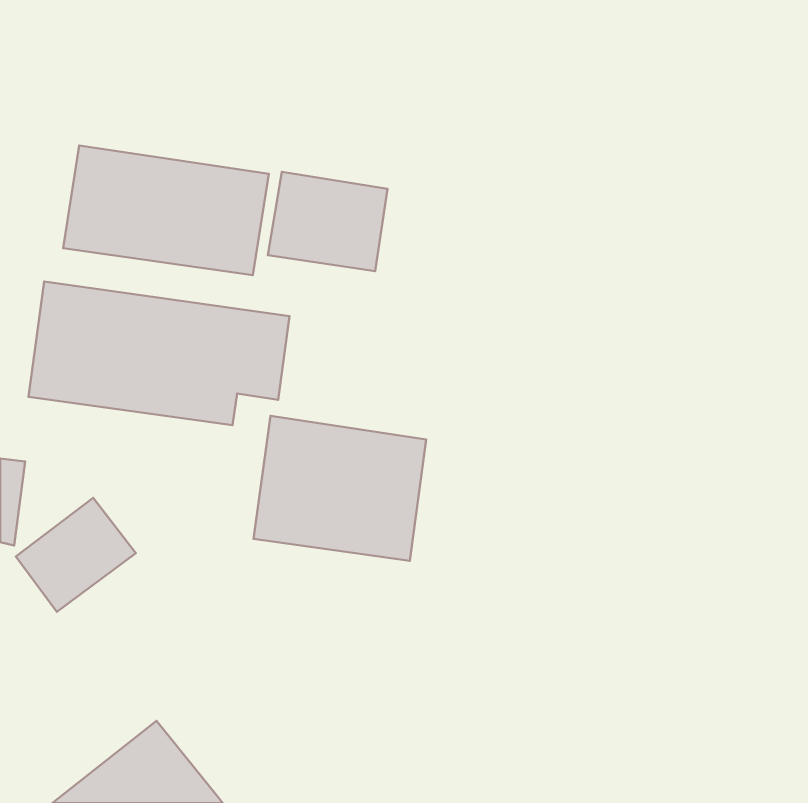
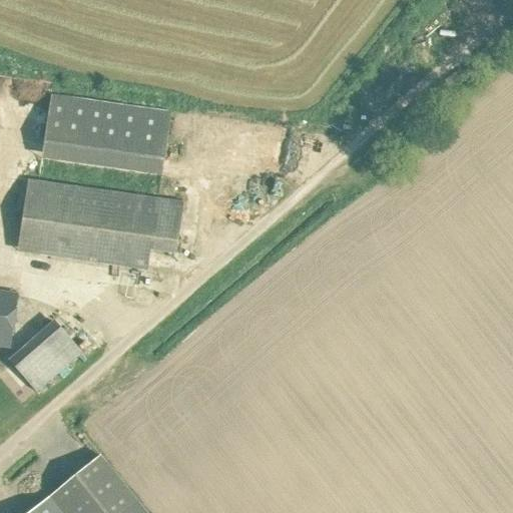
building: [268,172,388,271] -> none
building: [254,416,426,561] -> none

